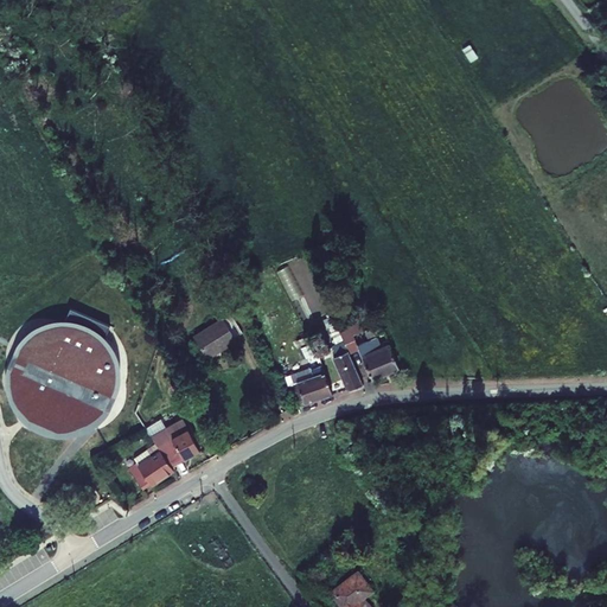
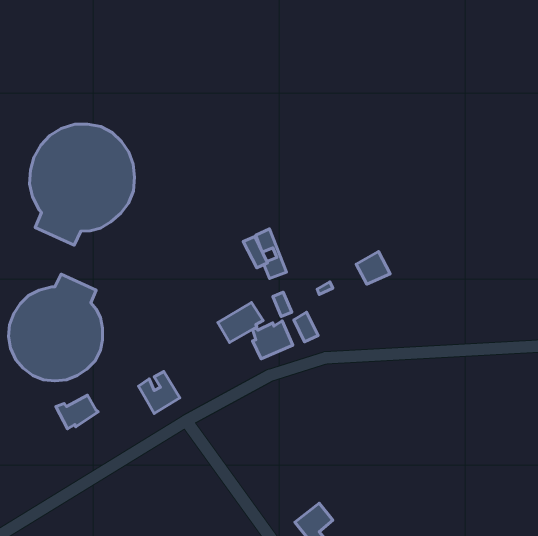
building: none -> [29,124,135,245]
building: [186,317,237,362] -> [218,302,263,343]
building: [354,340,392,377] -> [356,252,390,284]
building: [128,452,175,490] -> [56,395,98,429]

